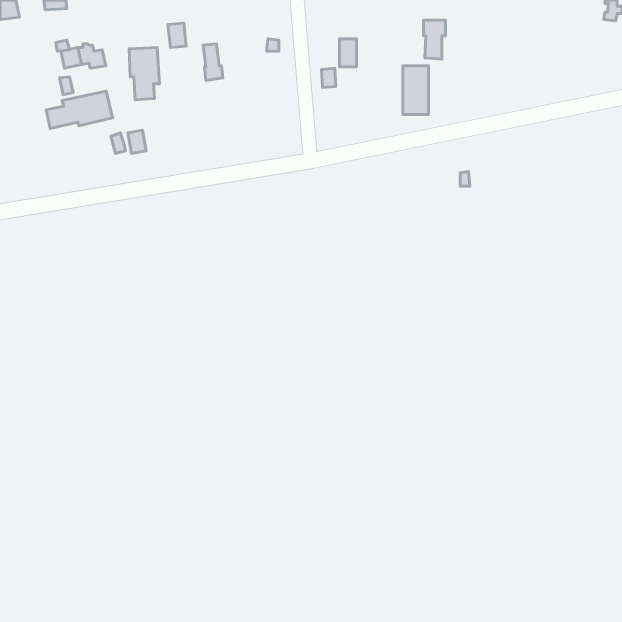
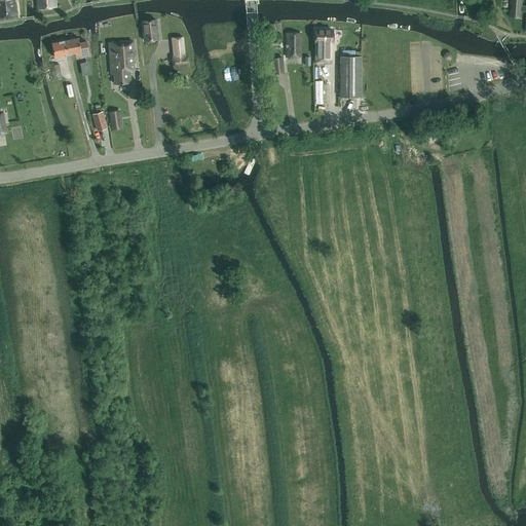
building: [424,20,445,59] -> [314,30,333,63]
building: [46,91,113,128] -> none

